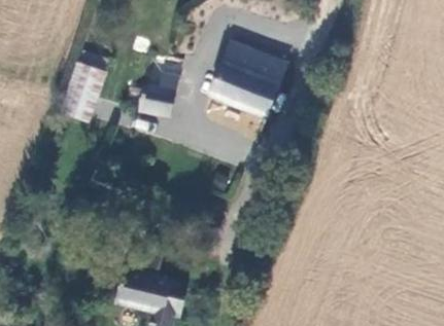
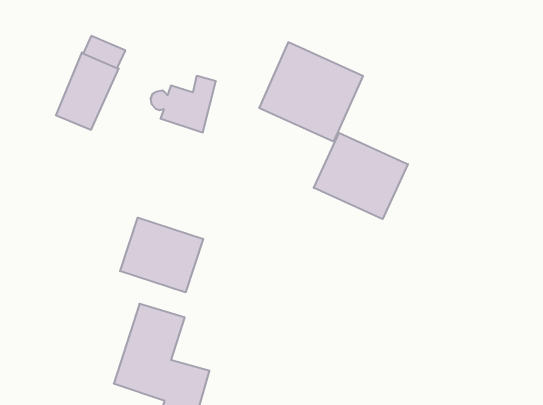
building: none -> [314,133,408,219]
building: none -> [120,218,203,292]

